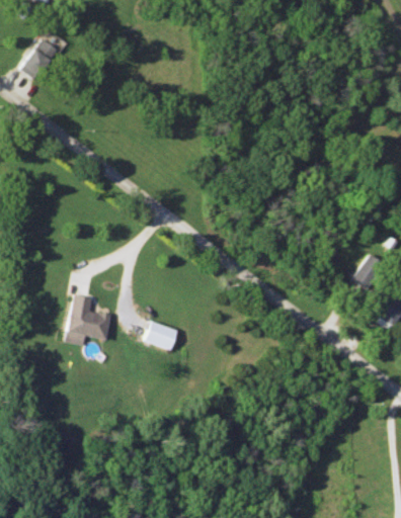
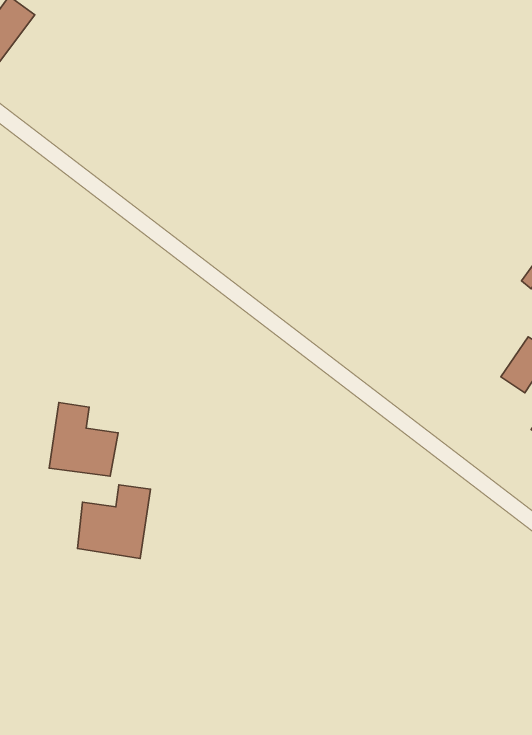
building: [146,322,178,350] -> none
building: none -> [78,485,150,559]

